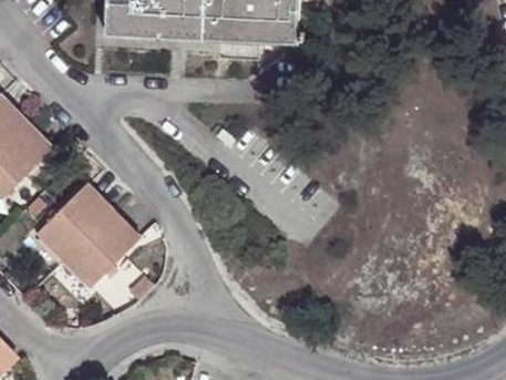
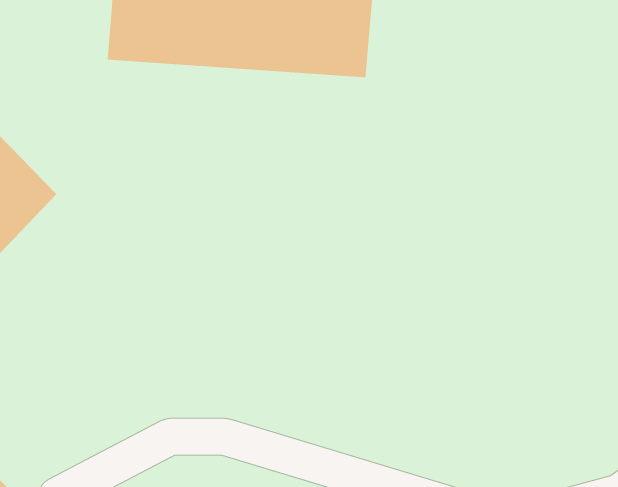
building: [50,182,146,284] -> none

